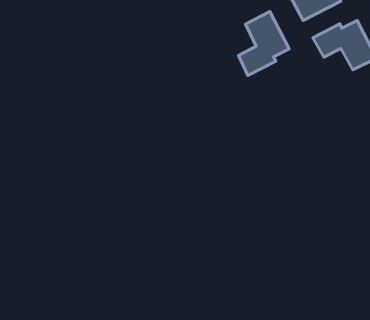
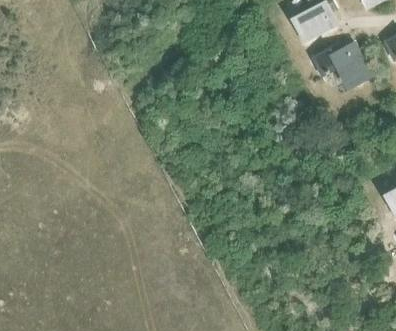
building: [238,11,289,75] -> none

